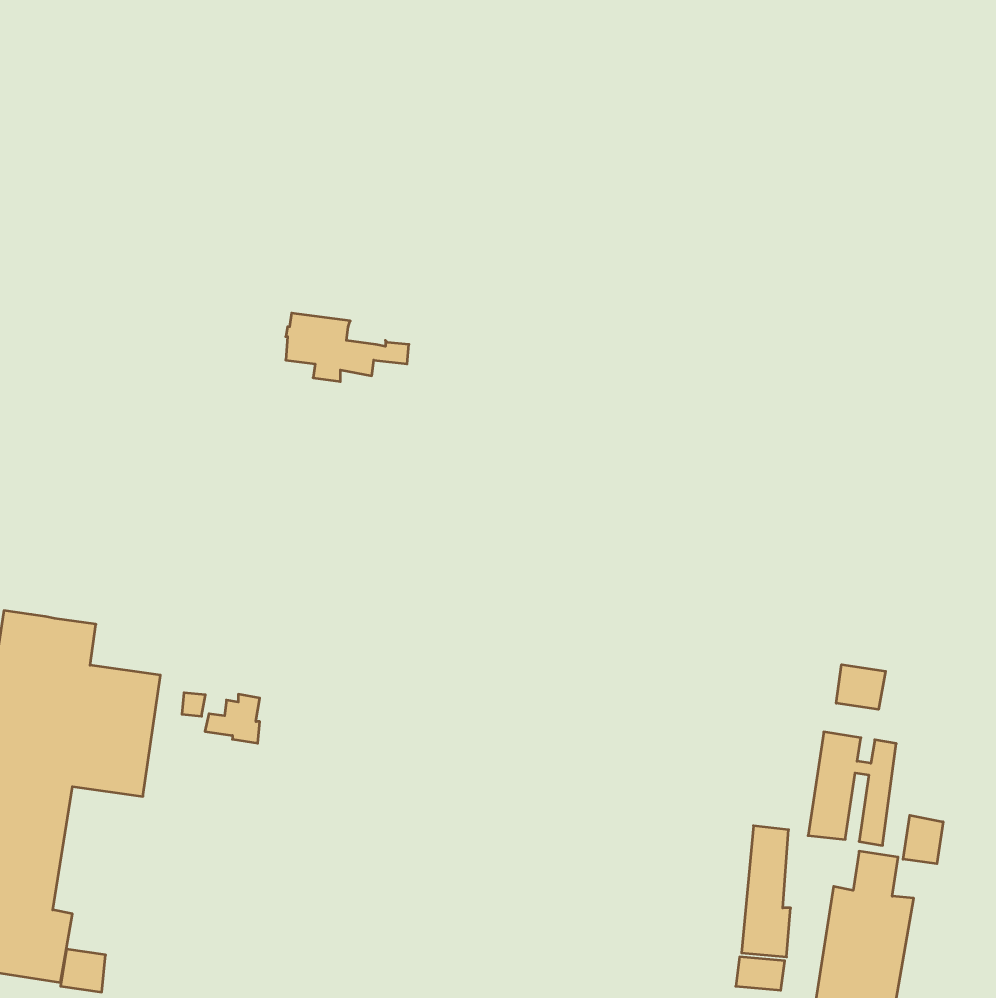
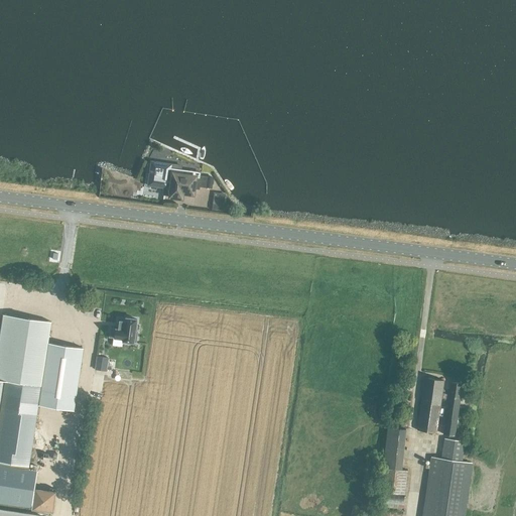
building: [836,665,886,709] -> none
building: [205,694,260,743] -> [108,318,136,344]
building: [903,815,943,864] -> none

